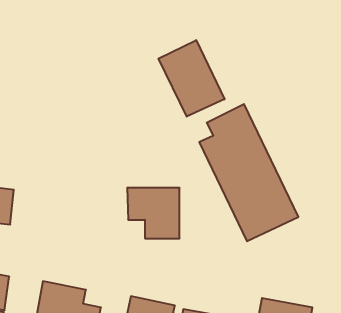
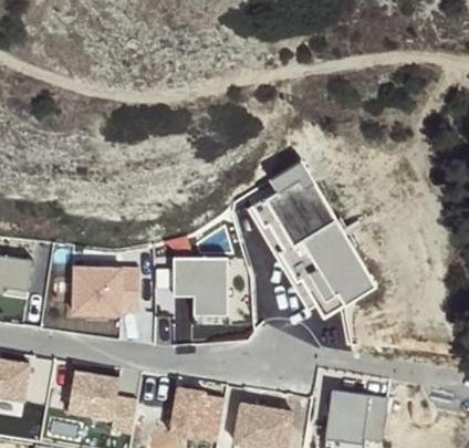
building: [159,40,225,117] -> none
building: none -> [70,267,143,317]

